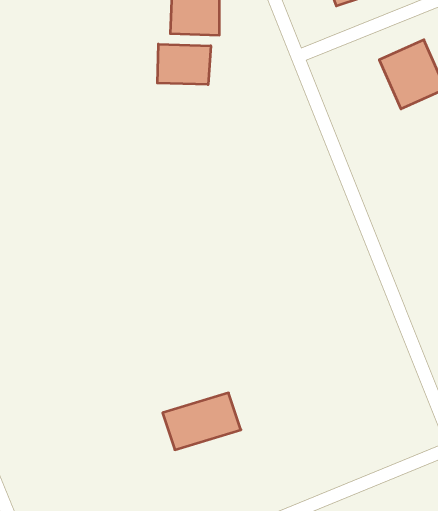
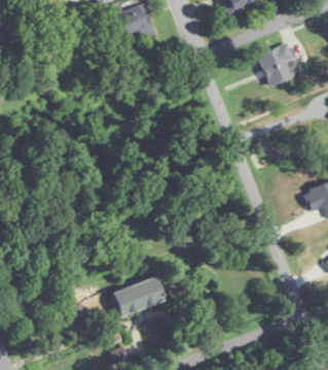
building: [157,44,211,85] -> none

